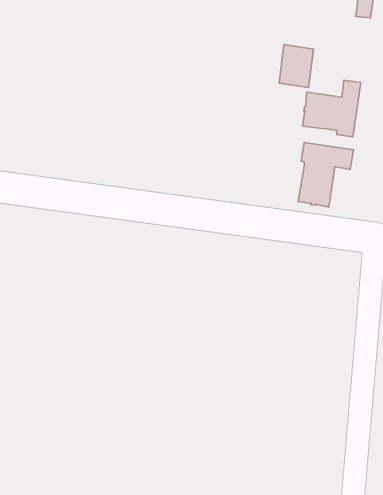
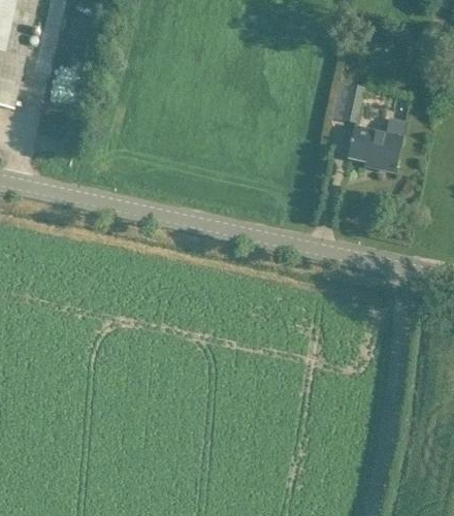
building: [298,143,354,207] -> none

